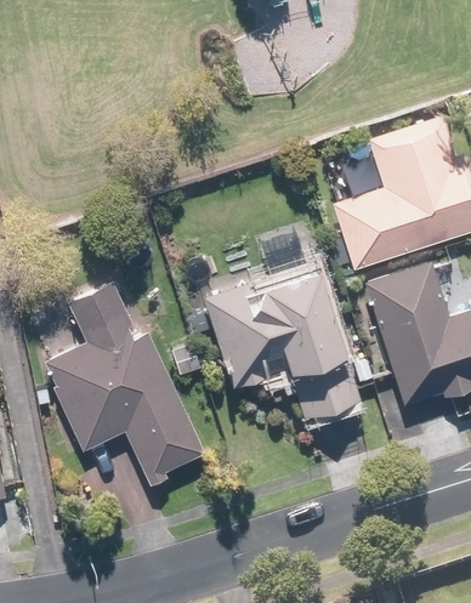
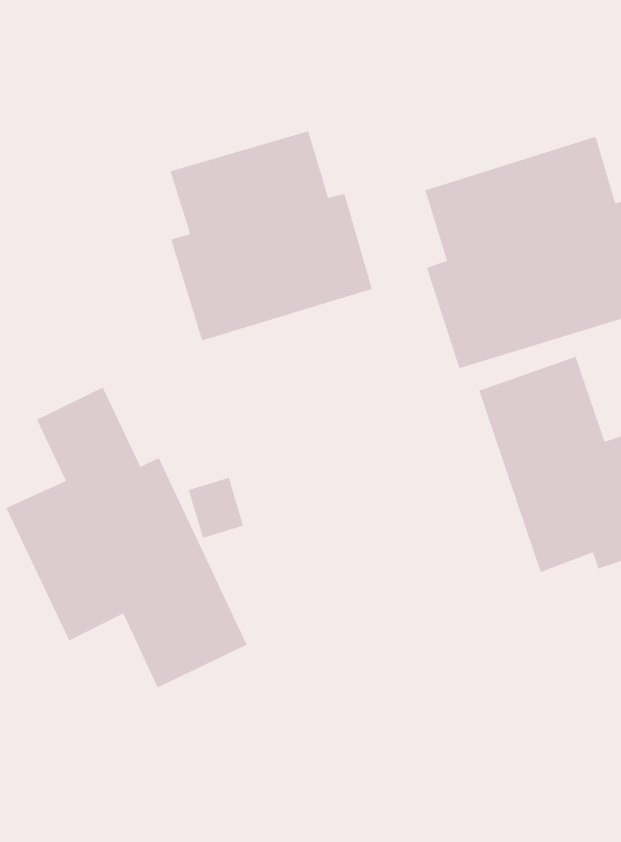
building: none -> [170,131,373,341]
building: [204,262,362,417] -> none

